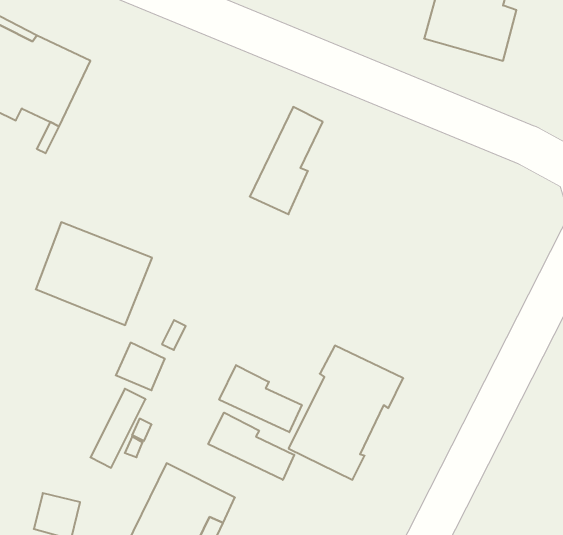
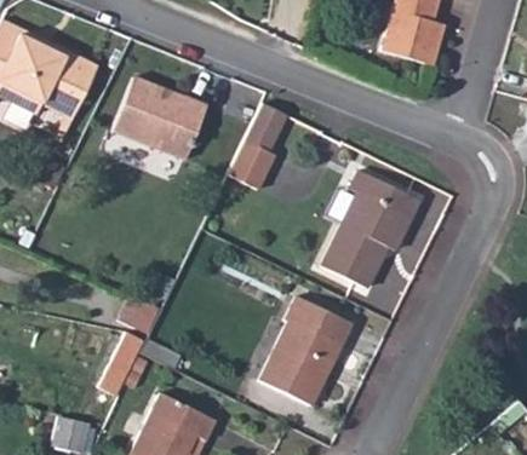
building: none -> [322,171,419,288]
building: [36,222,152,325] -> [114,76,208,160]
building: [219,365,302,432] -> none
building: [208,413,294,480] -> none

